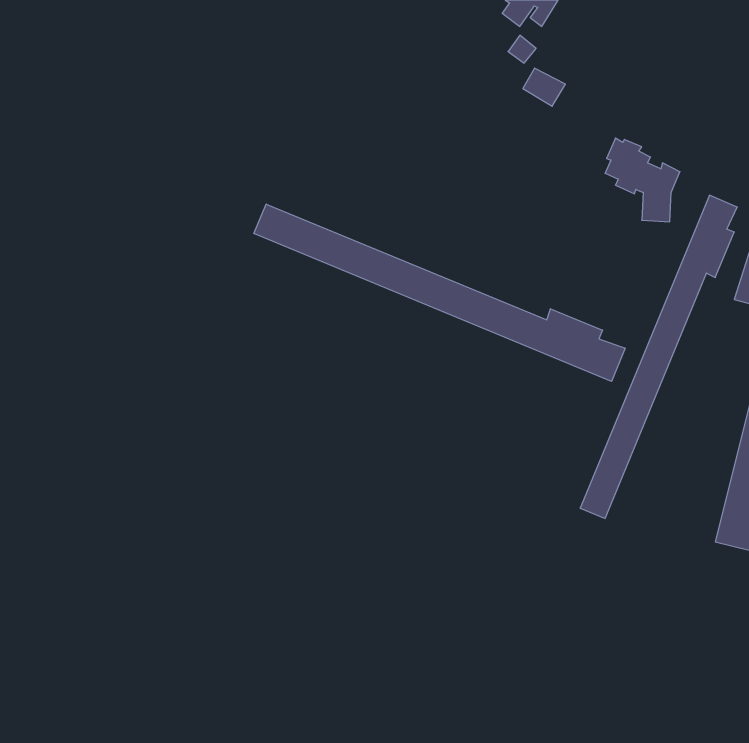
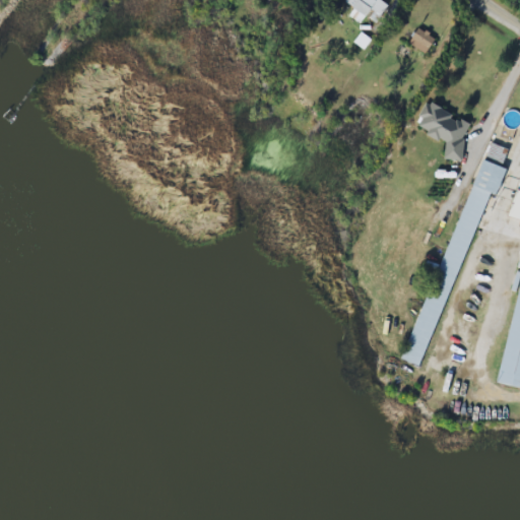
building: [523,68,565,106] -> [410,27,440,54]
building: [254,204,625,381] -> none

